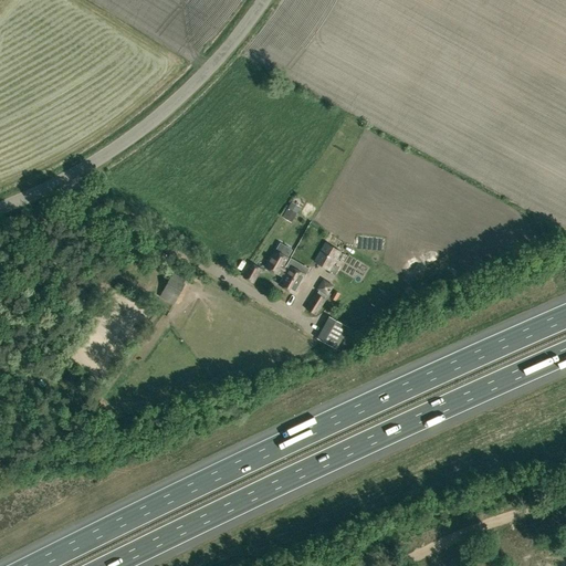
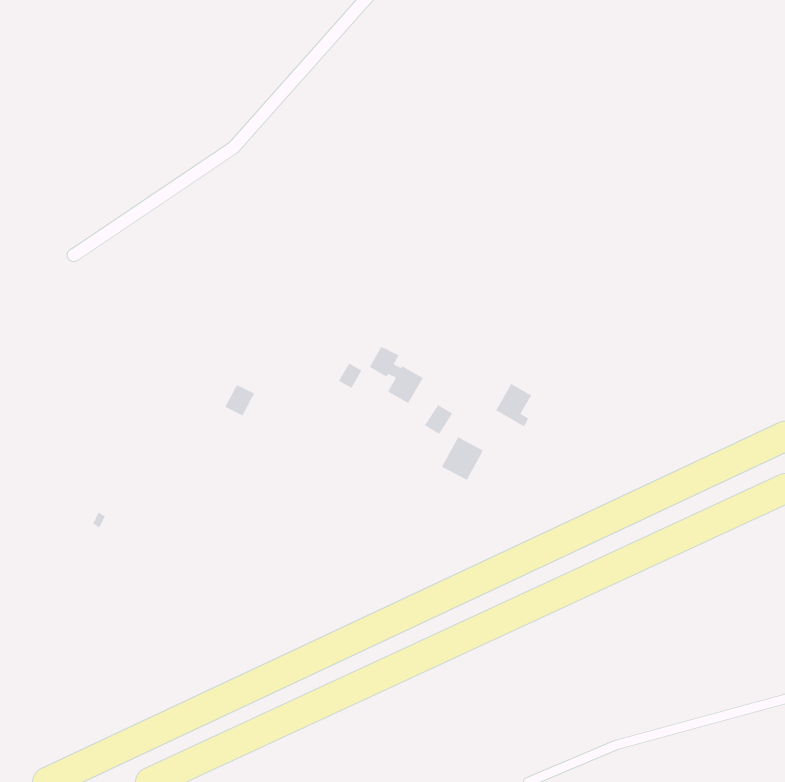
building: [314,240,340,272] -> [495,383,532,427]

